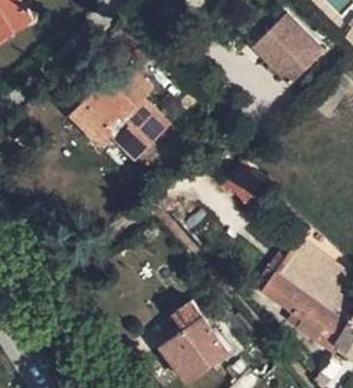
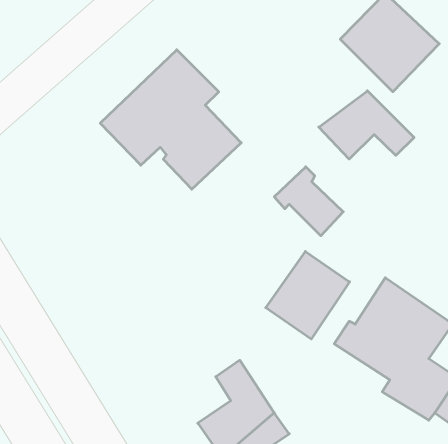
building: none -> [319,91,414,159]
building: none -> [266,251,350,339]

